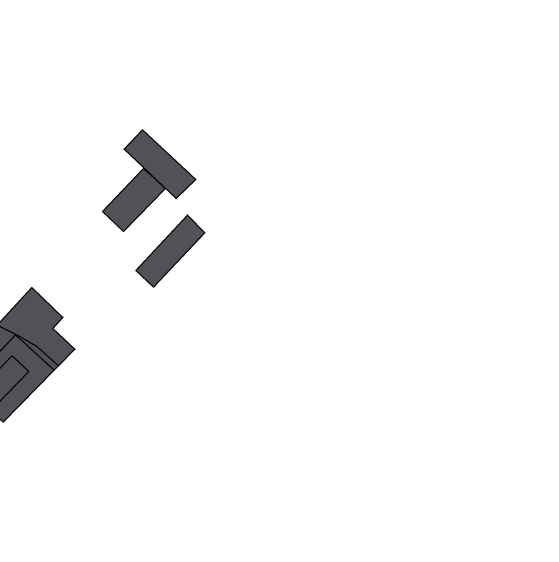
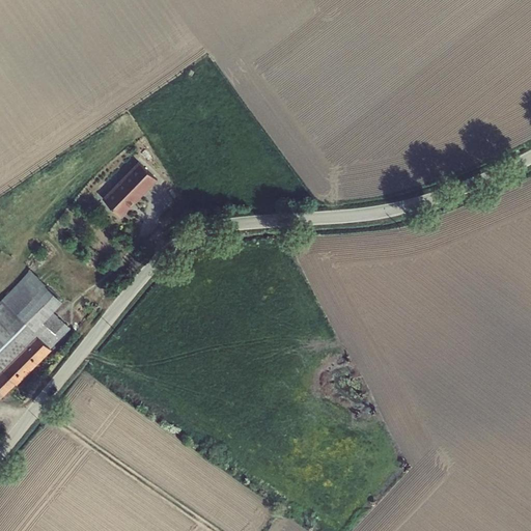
building: [124,130,196,199] -> none
building: [136,215,205,287] -> none

